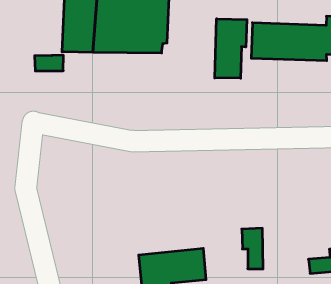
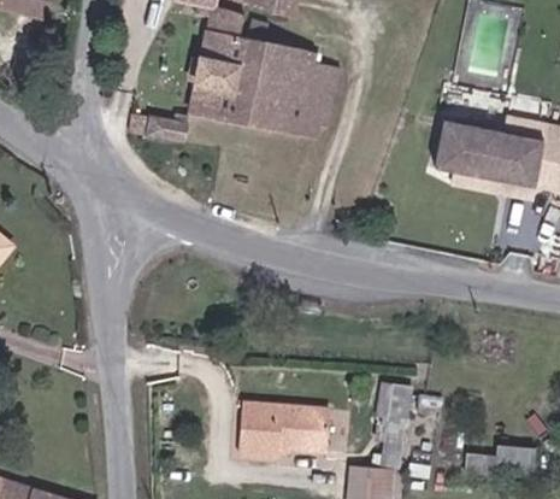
building: [215,19,247,78] -> none

